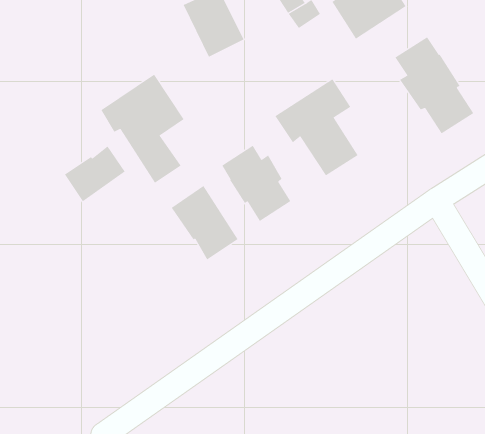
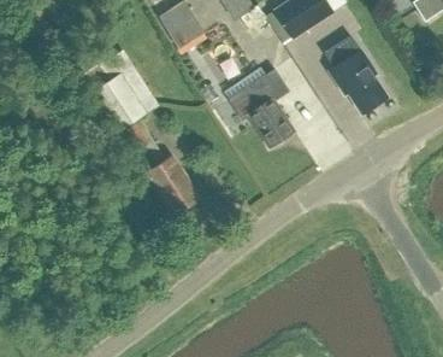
building: [221,145,291,222] -> none
building: [64,145,125,202] -> none

